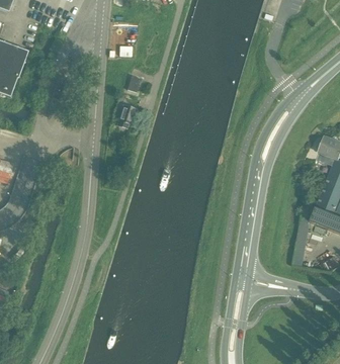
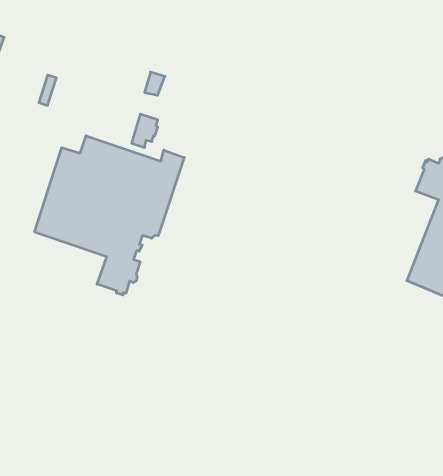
building: none -> [35,136,184,295]

